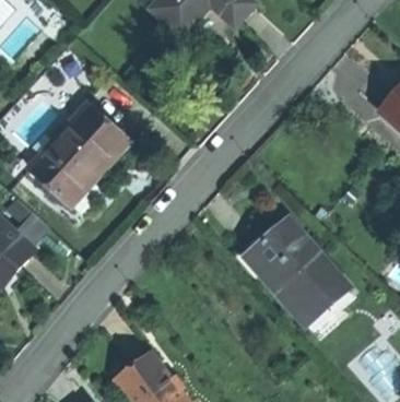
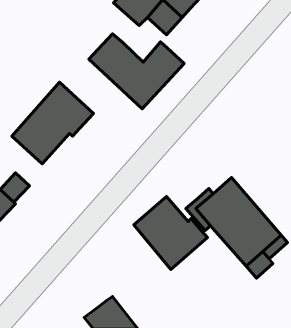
building: none -> [89,34,184,109]
building: none -> [134,196,208,270]

